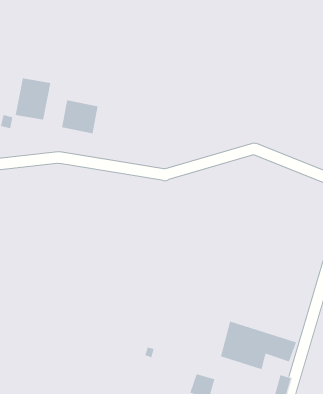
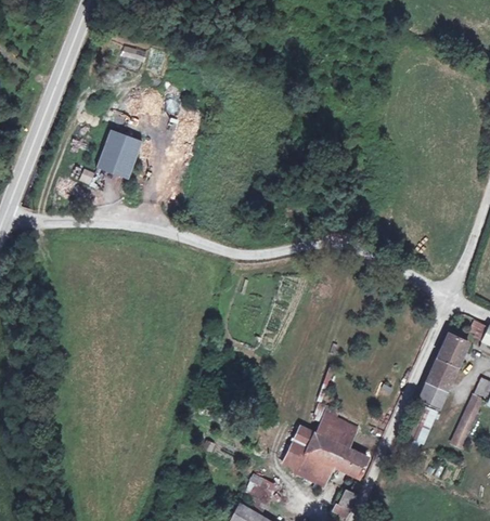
building: [61,100,98,134] -> none
building: none -> [315,412,357,446]

